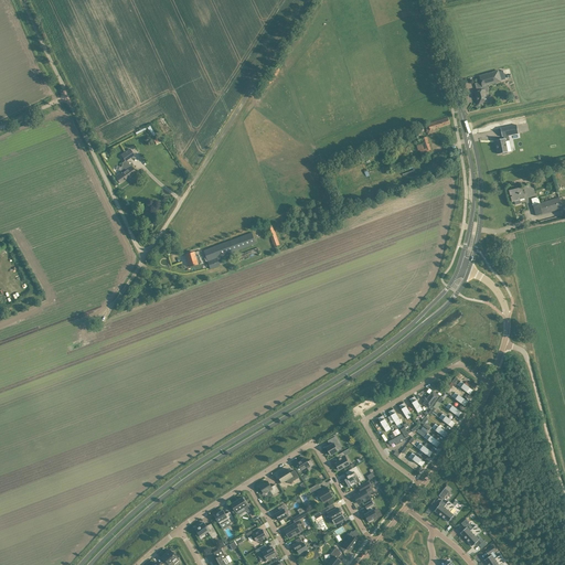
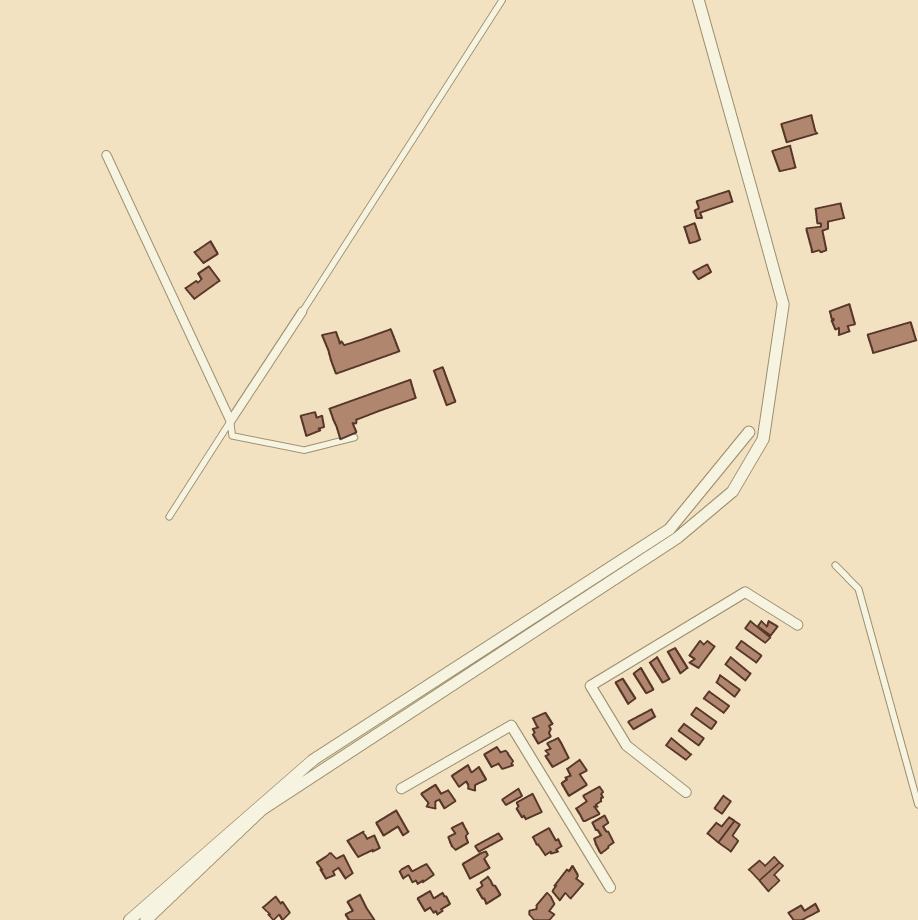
building: none -> [322,329,399,374]

